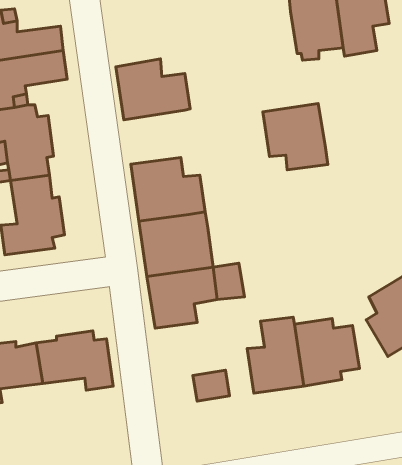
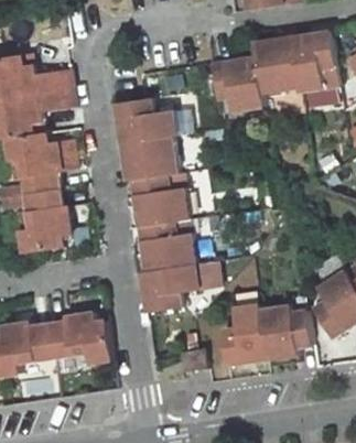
building: [263,104,328,170] -> [209,55,262,109]
building: none -> [119,136,177,180]

